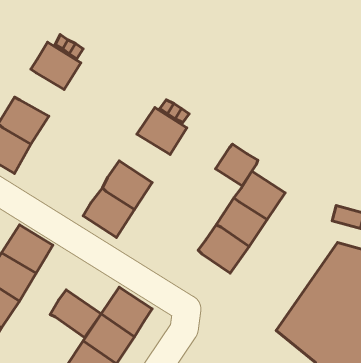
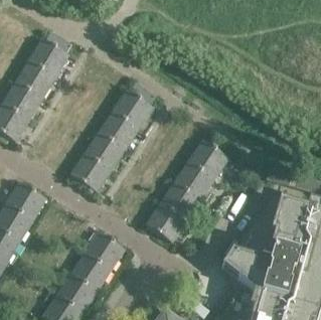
building: none -> [16,59,55,97]
building: none -> [99,111,139,149]
building: [215,144,258,186] -> none
building: none -> [146,202,186,242]
building: [50,290,101,337] -> none

